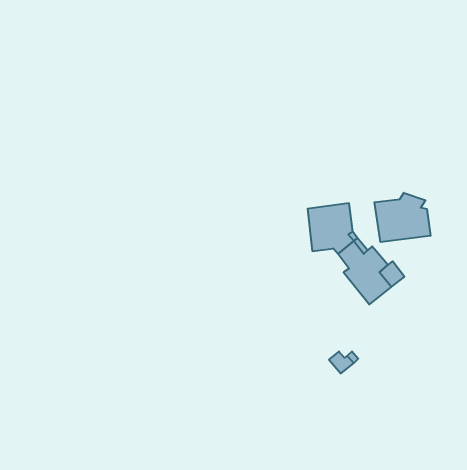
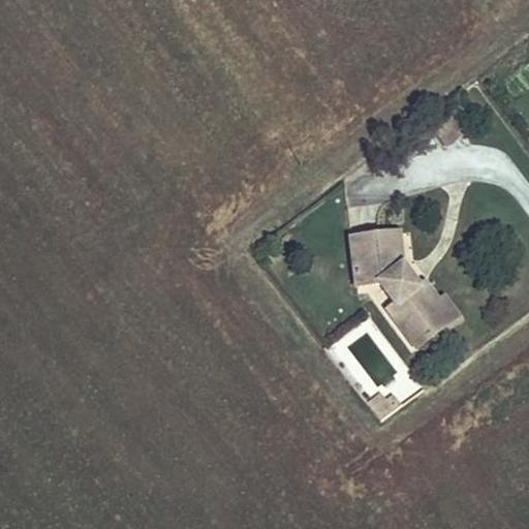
building: [374,193,430,242] -> none

